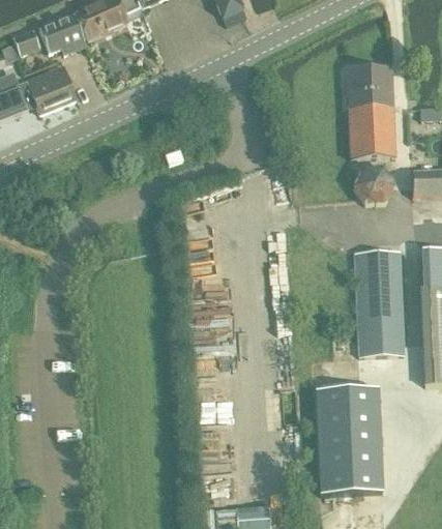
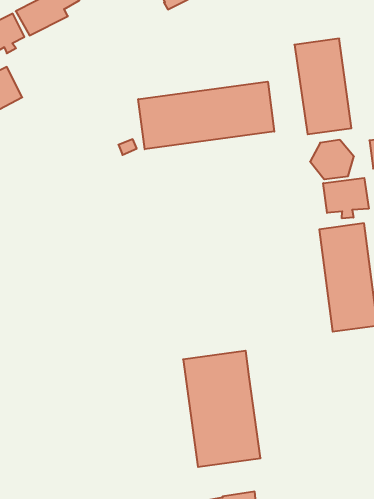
building: none -> [138,82,274,149]
building: none -> [323,178,369,218]
building: [316,383,383,493] -> [183,351,261,467]

